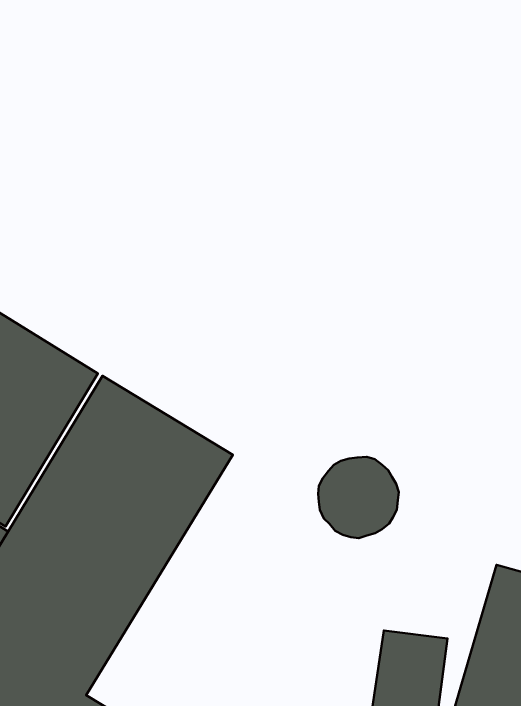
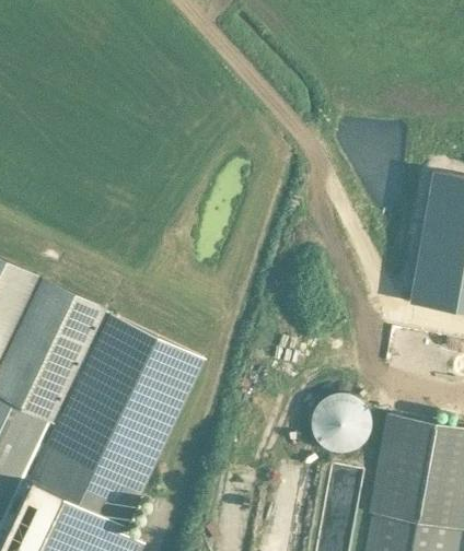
building: [318,457,399,538] -> [315,397,370,453]

